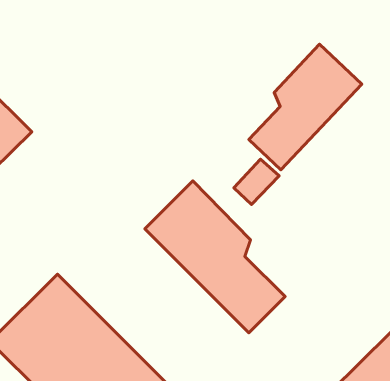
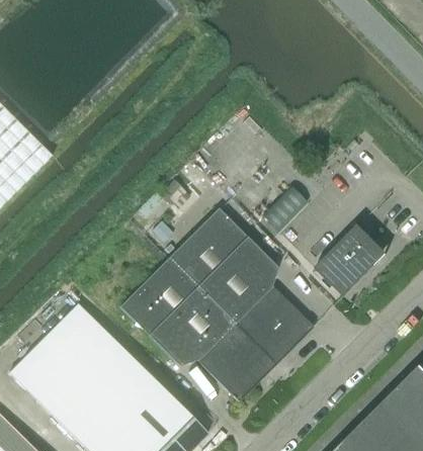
building: [249,44,362,170] -> none
building: none -> [315,223,387,295]
building: none -> [118,257,275,401]

